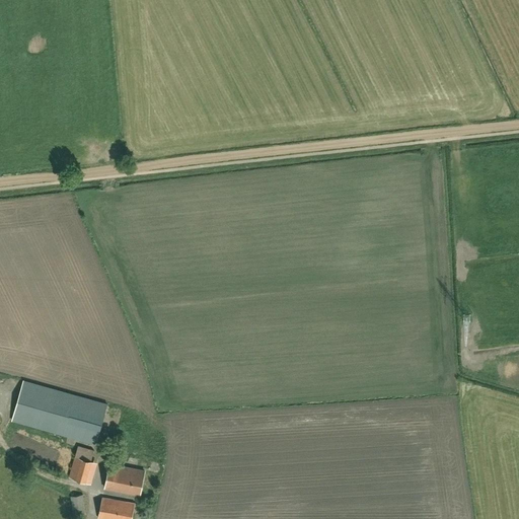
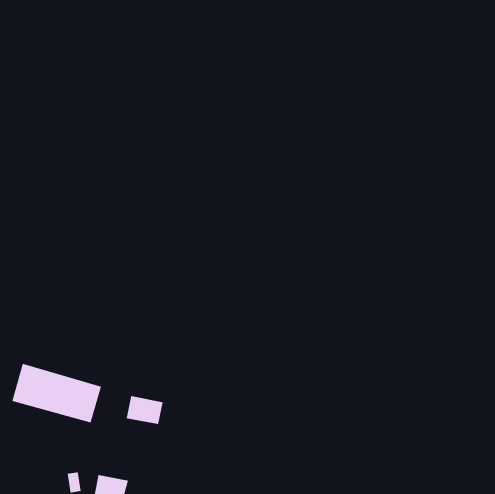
building: [69,446,97,485] -> none
building: [104,464,144,495] -> [126,395,164,424]

